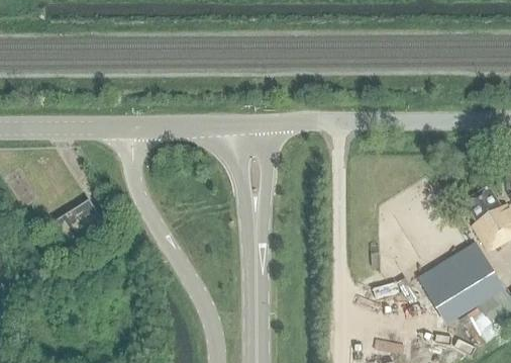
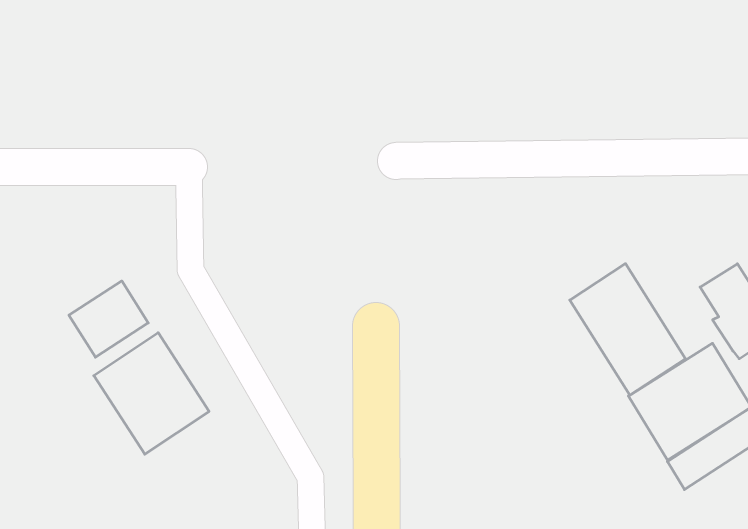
building: none -> [570,264,686,395]
building: none -> [94,333,209,454]

